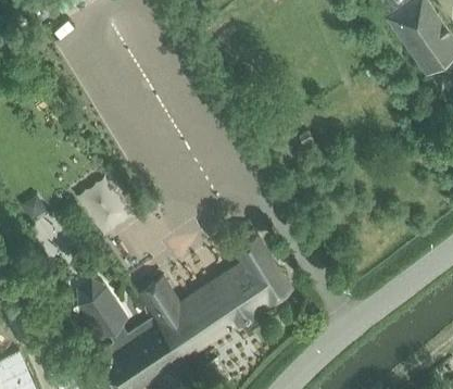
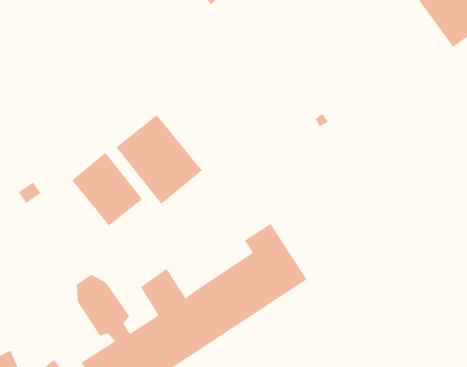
building: none -> [116,114,203,205]

